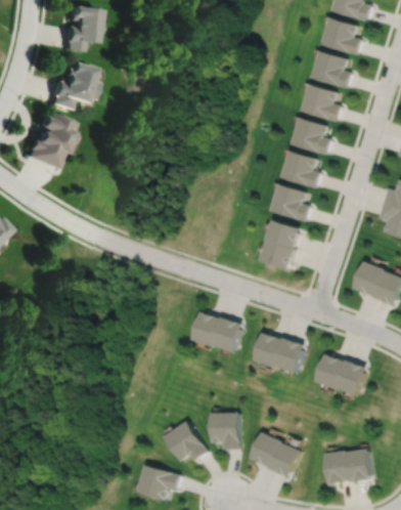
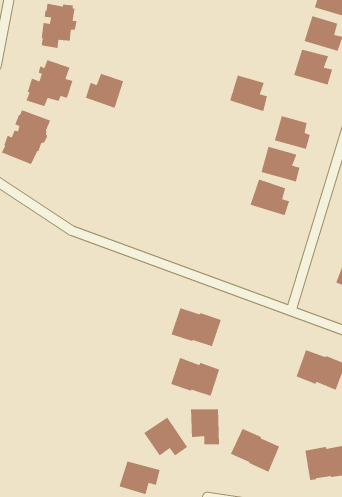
building: none -> [85,73,124,109]
building: [304,85,343,123] -> [229,74,268,112]
building: [262,218,302,268] -> none
building: [254,332,304,372] -> [170,357,220,397]

